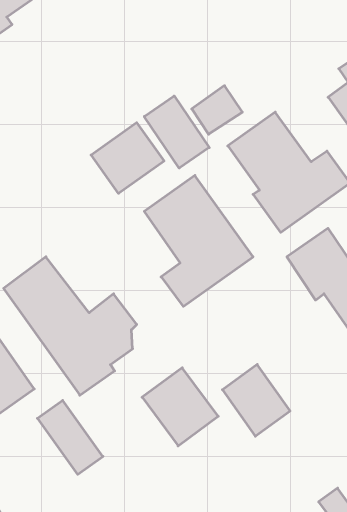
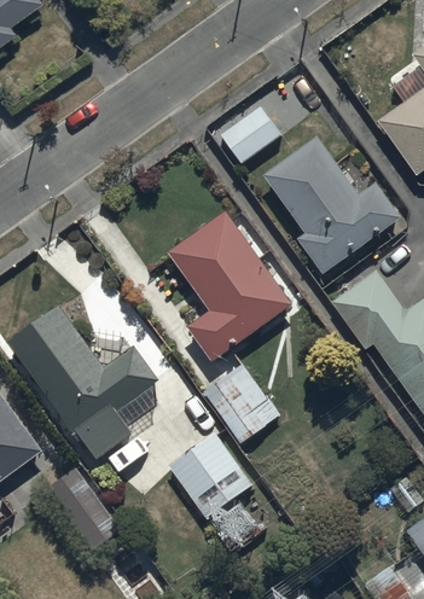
building: [144,96,209,168] -> none
building: [91,123,164,193] -> none
building: [222,364,290,436] -> [201,362,278,444]

